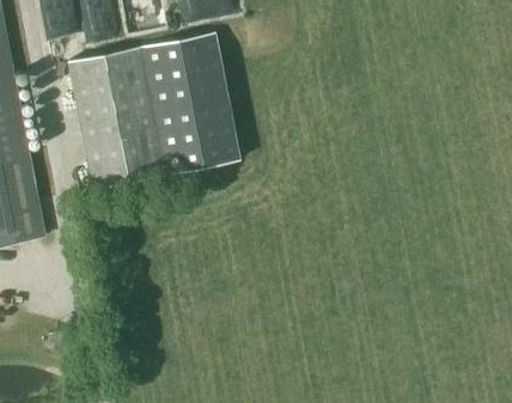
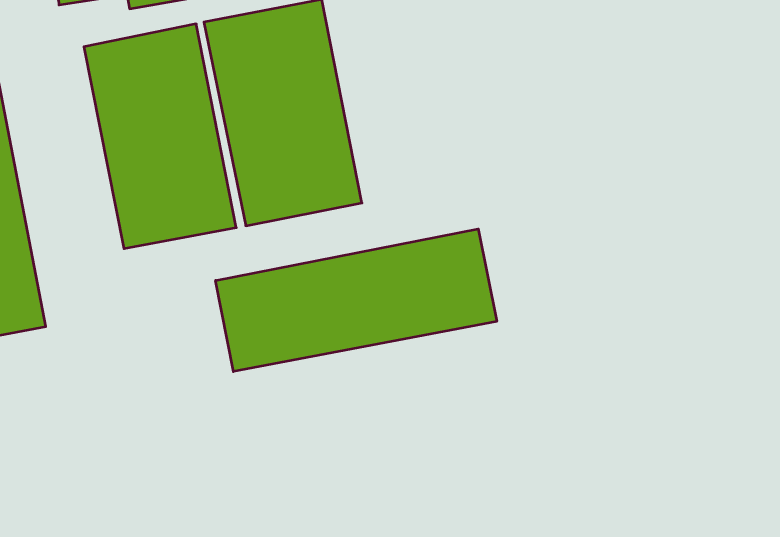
building: none -> [216,229,497,372]

